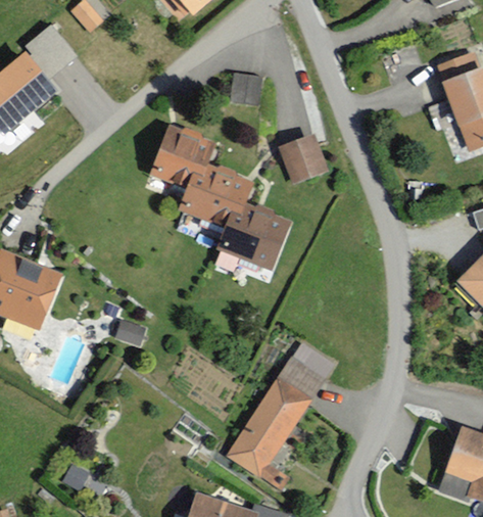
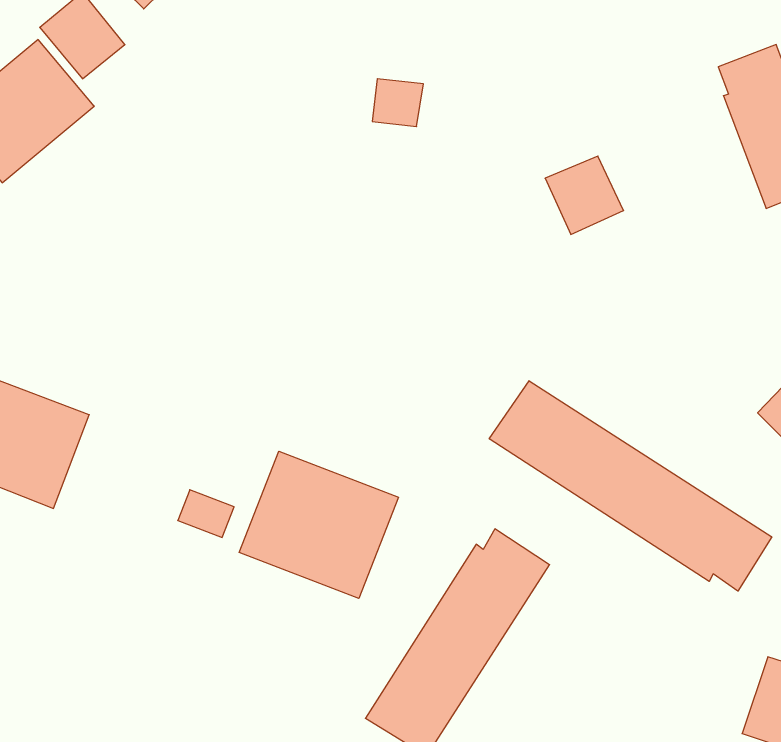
building: [149,127,289,269] -> none
building: [279,135,326,182] -> [545,156,624,234]
building: none -> [489,381,772,591]
building: none -> [239,451,398,598]

